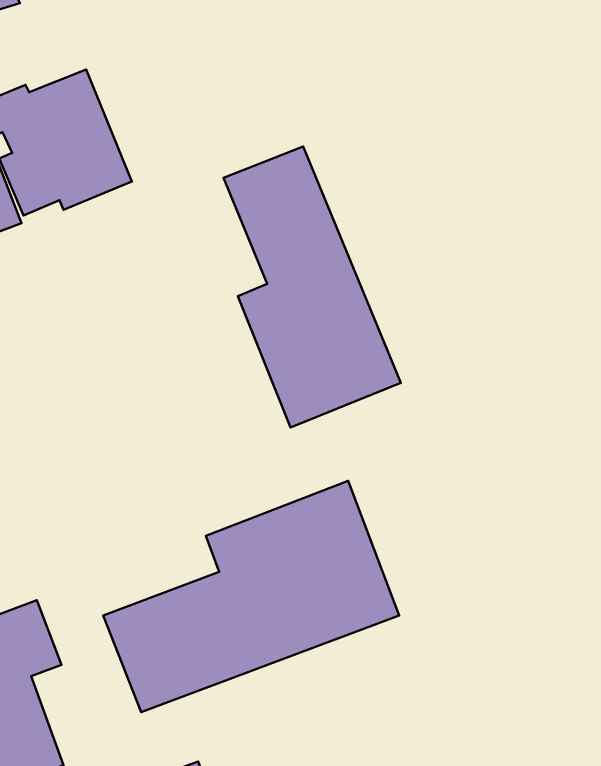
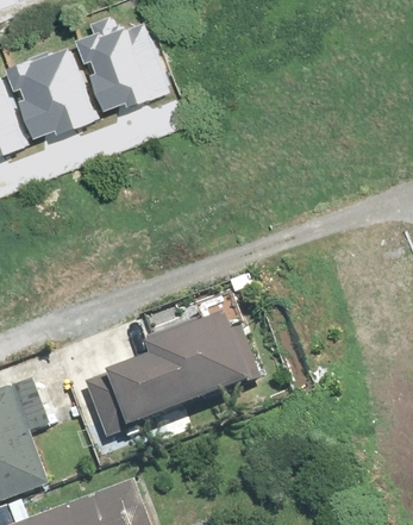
building: none -> [71,18,167,110]
building: [223,146,401,428] -> none

